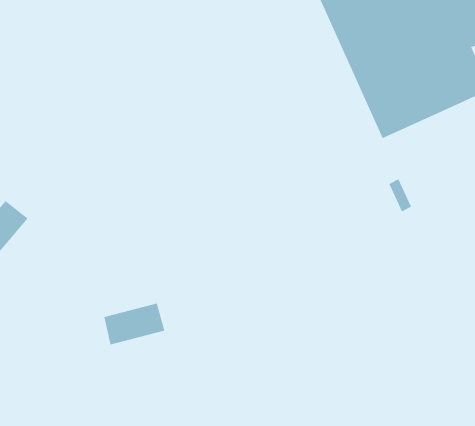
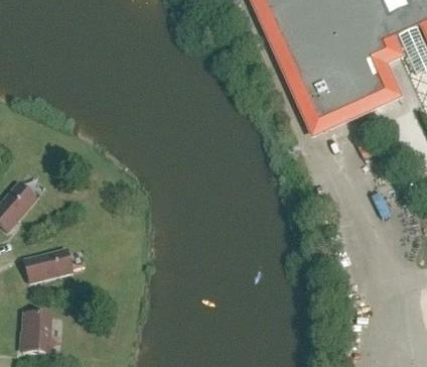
building: [103,303,165,345] -> [23,248,72,281]
building: none -> [21,312,49,352]

